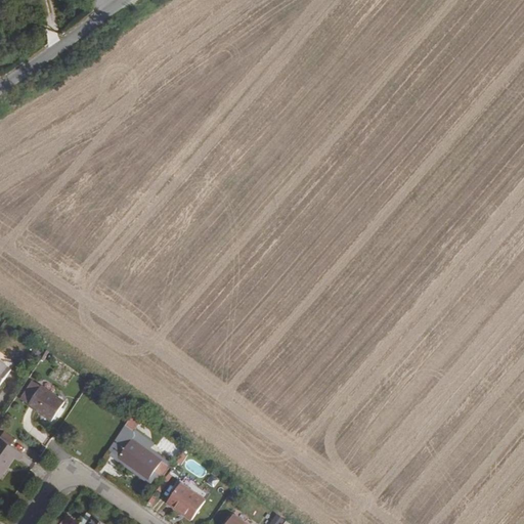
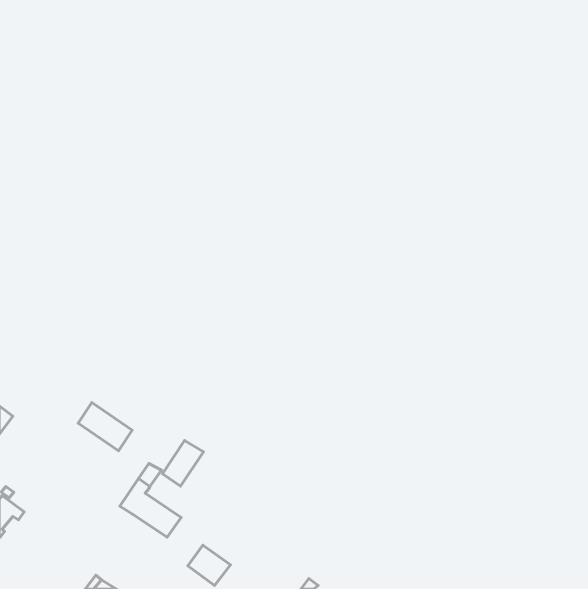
building: [15,378,63,421] -> [78,403,132,451]
building: none -> [162,440,204,486]

